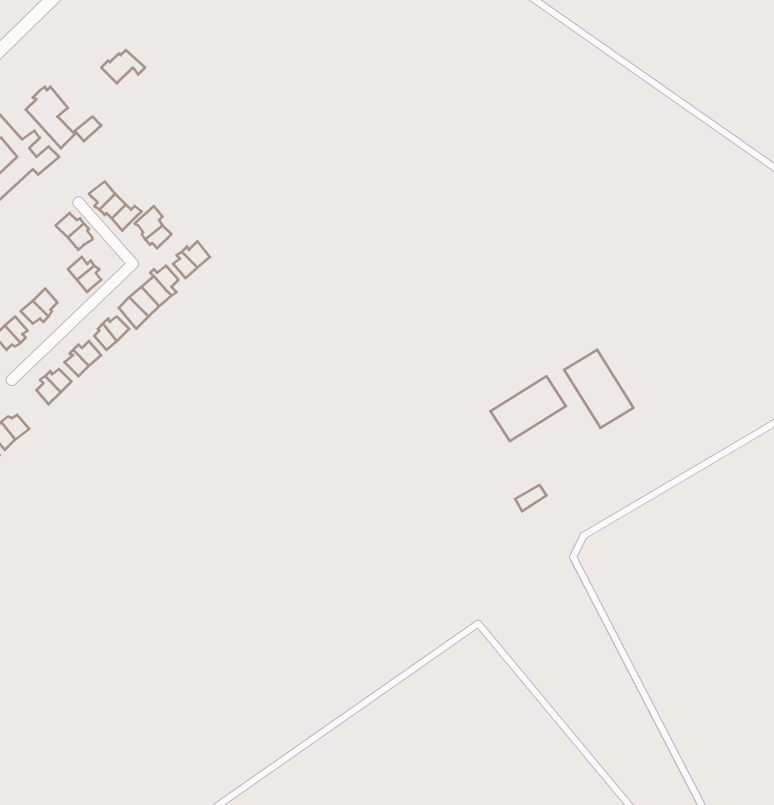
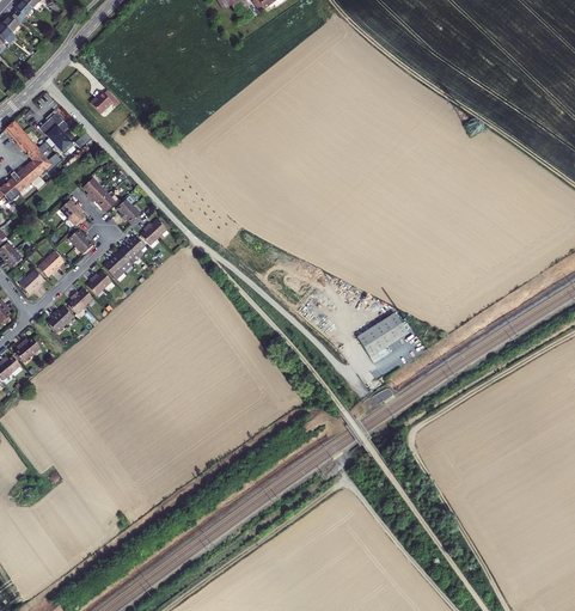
building: [564,350,633,428] -> none

